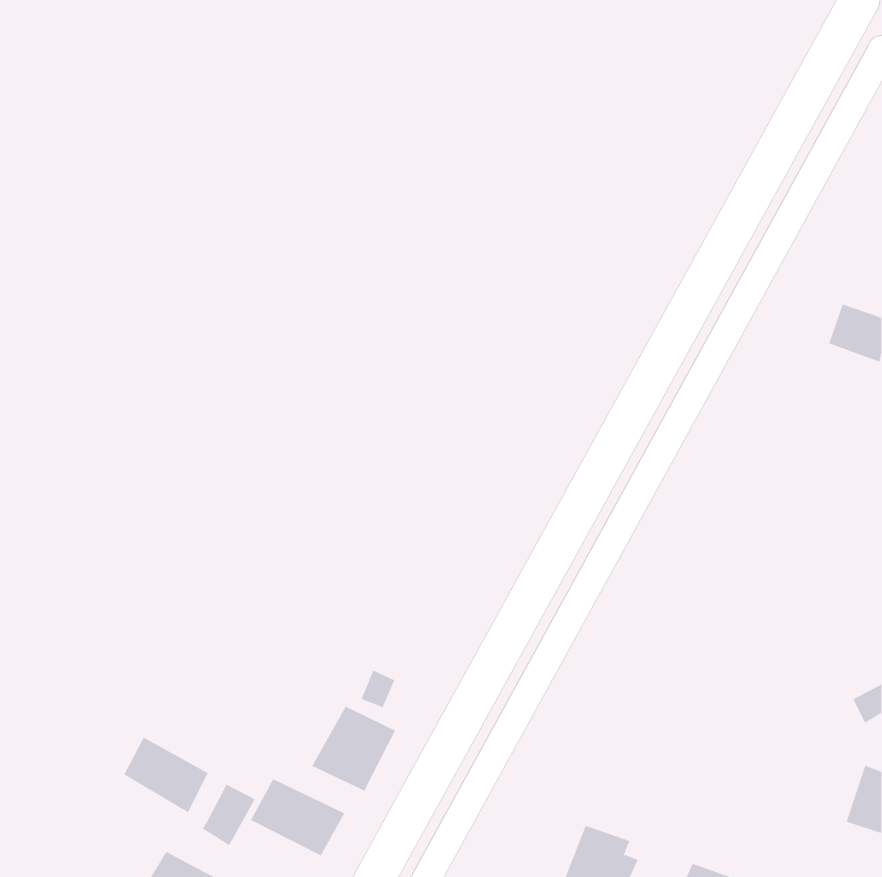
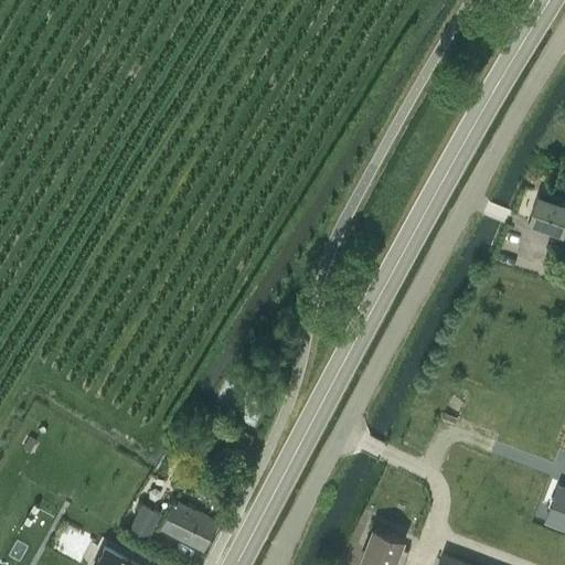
building: [312,706,396,791] -> none
building: [123,737,208,813] -> none

